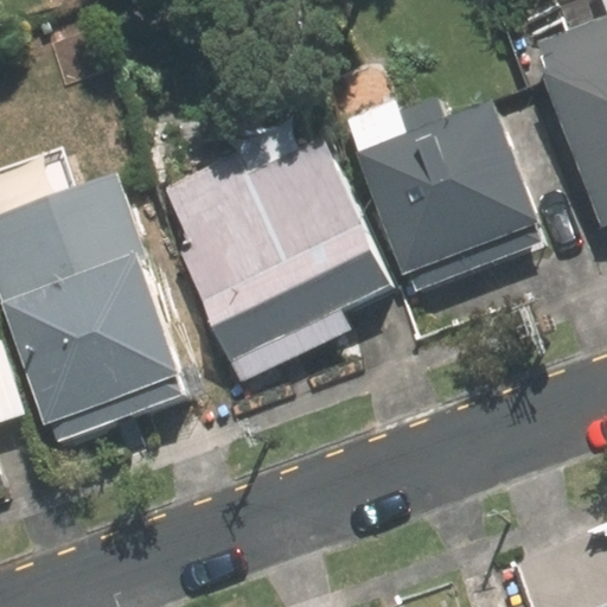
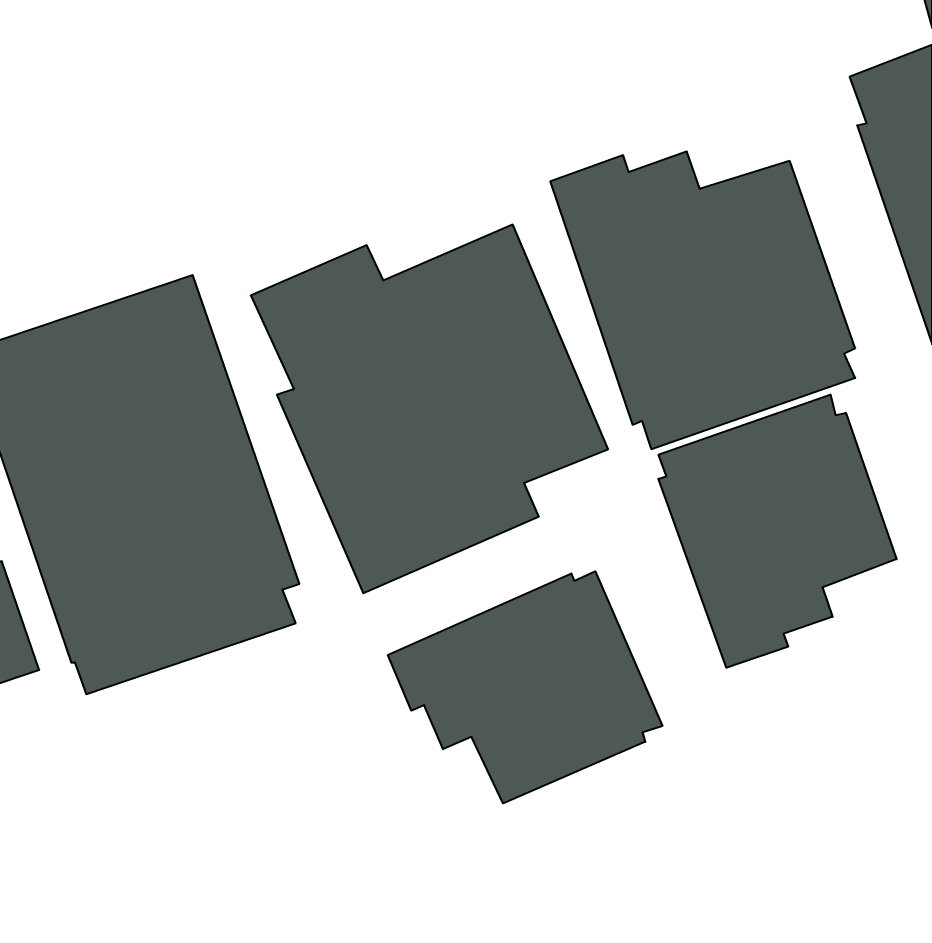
building: none -> [658,395,897,668]
building: none -> [388,571,662,803]

